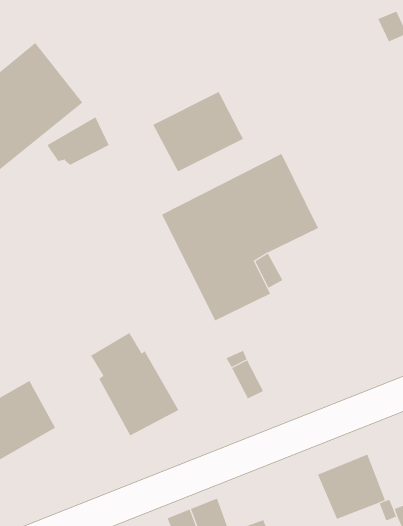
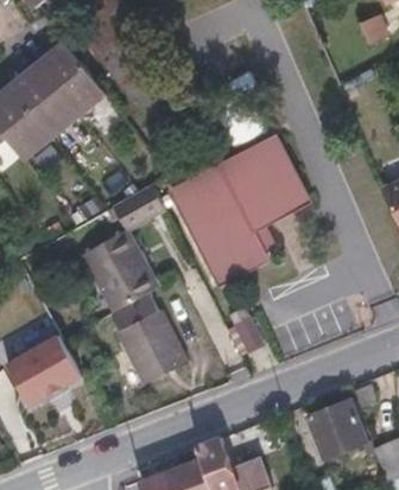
building: [153,91,244,172] -> none
building: [46,116,109,166] -> [108,184,163,227]
building: none -> [80,231,154,312]

